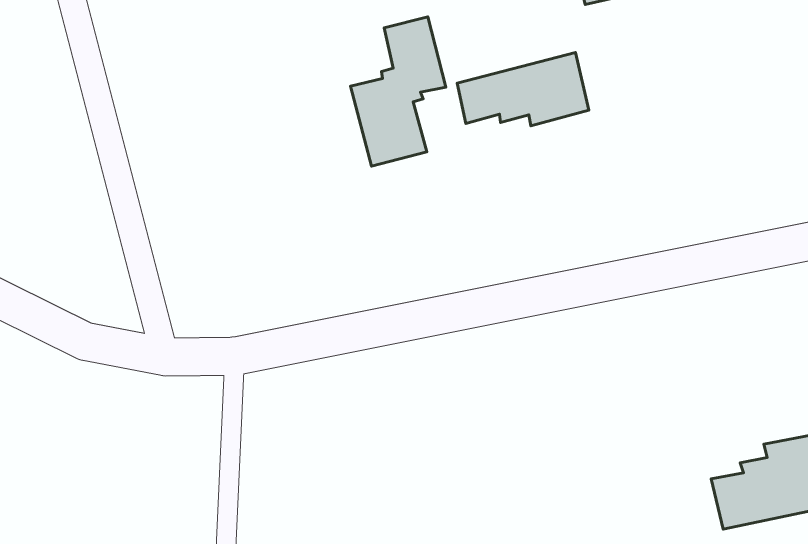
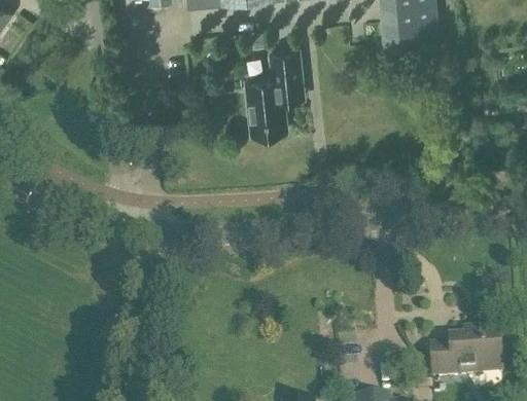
building: [457,53,589,126] -> none

